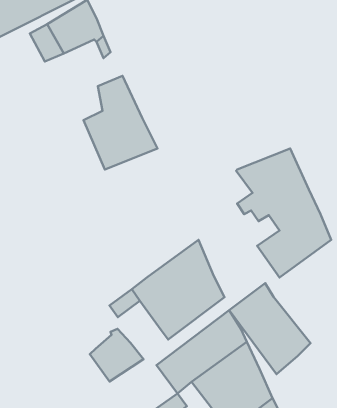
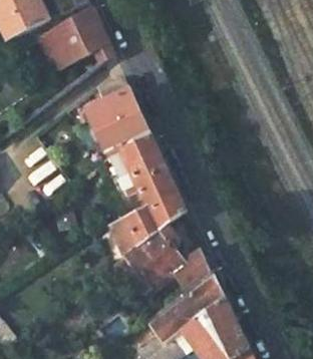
building: [236,148,331,277] -> [103,135,185,246]
building: [229,283,310,374] -> none
building: [90,329,144,381] -> none

